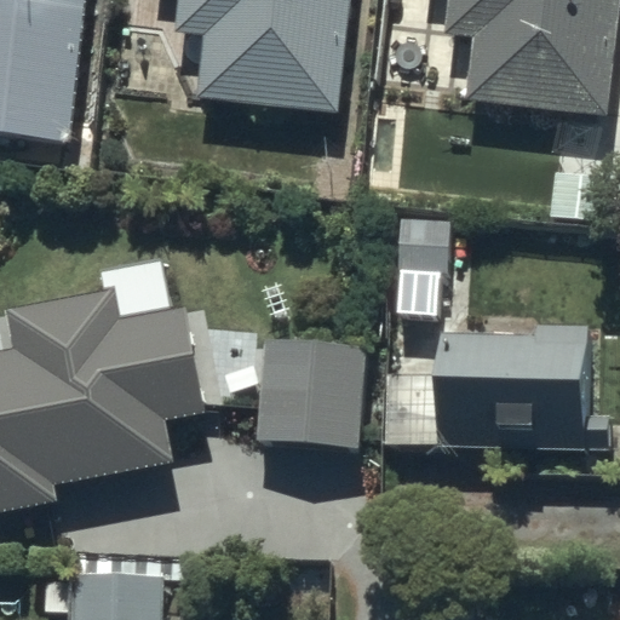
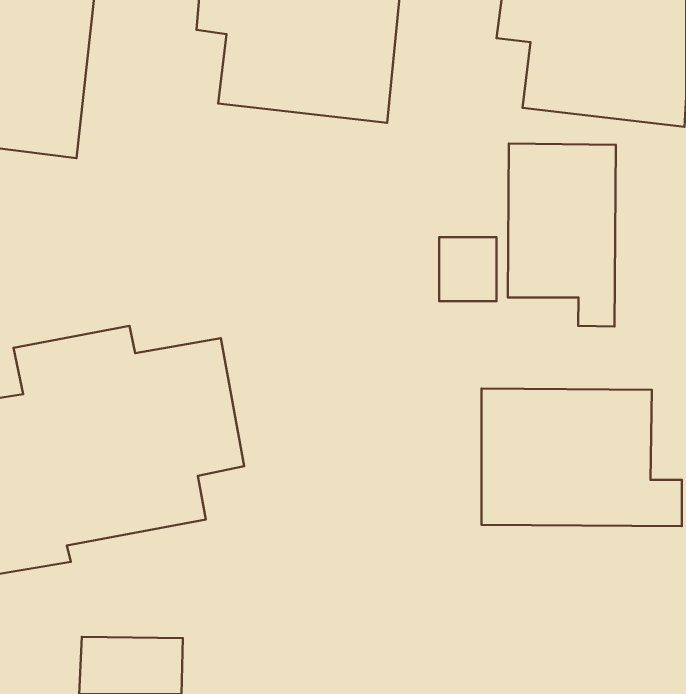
building: none -> [508,143,616,326]
building: [245,332,360,442] -> none

